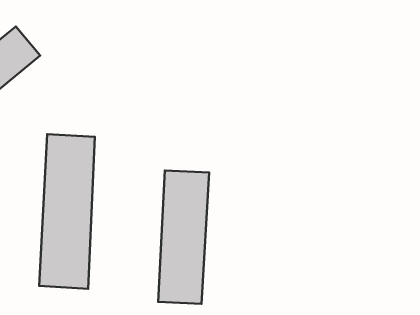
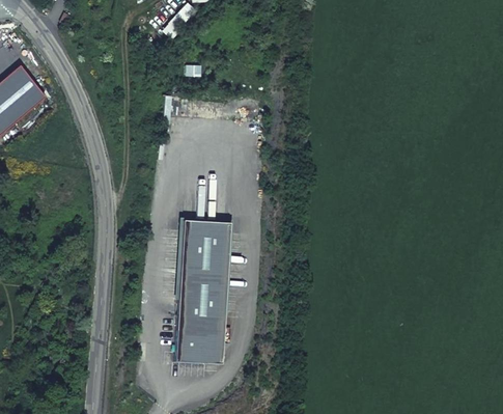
building: [39,134,95,289] -> none

